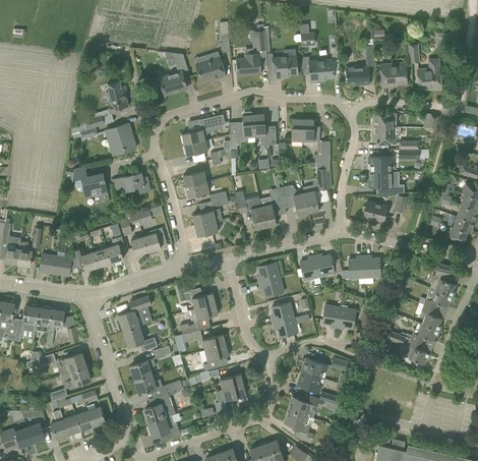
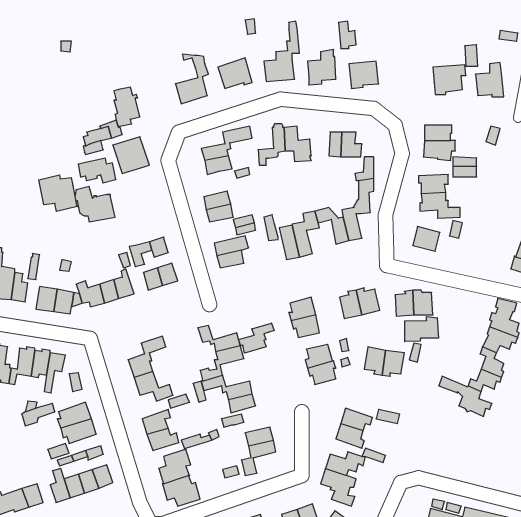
building: [345,45,375,84] -> none
building: none -> [39,175,77,211]
building: [118,172,151,193] -> [78,158,116,183]
building: none -> [405,317,438,342]
building: none -> [239,323,274,353]

